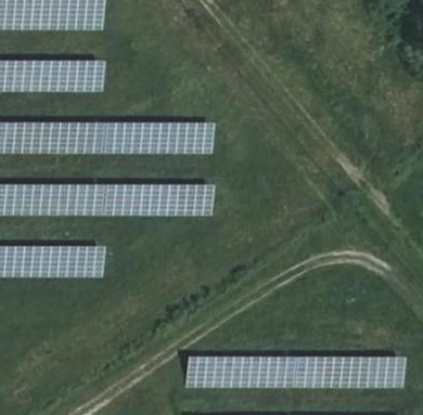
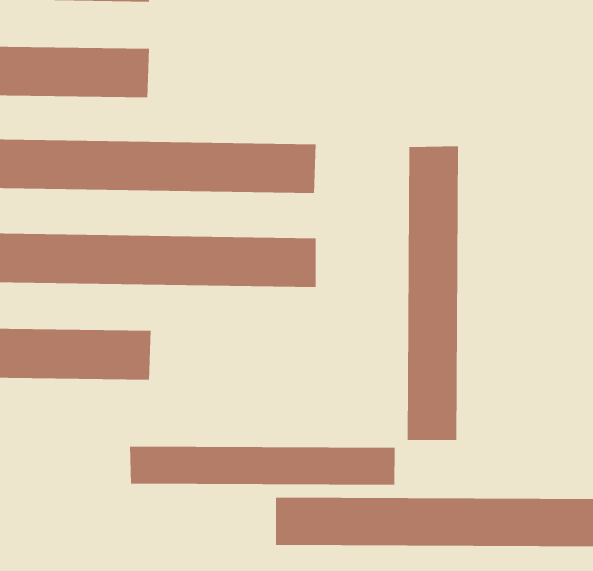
building: none -> [407,145,458,441]
building: none -> [130,446,395,486]

